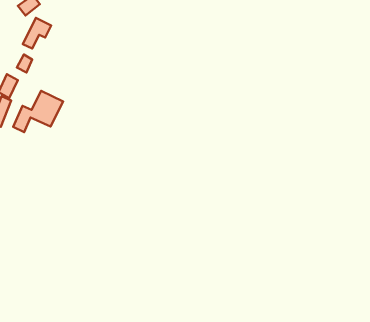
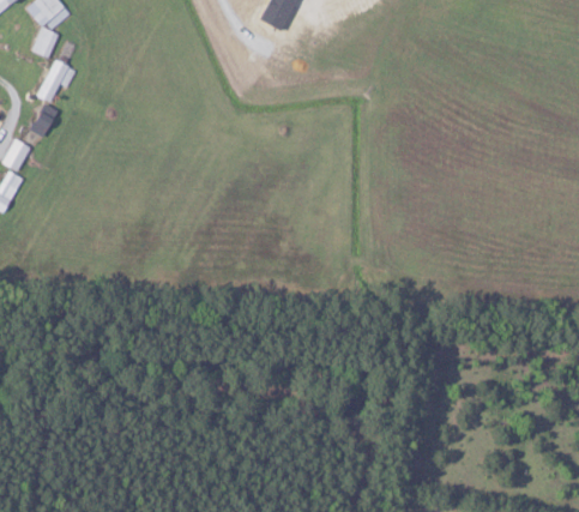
building: [13,91,63,132] -> none

